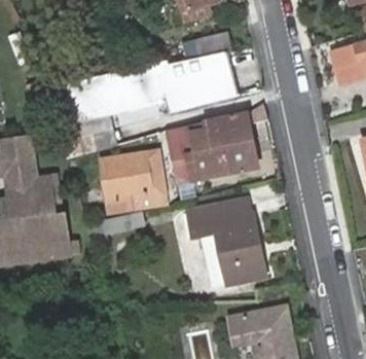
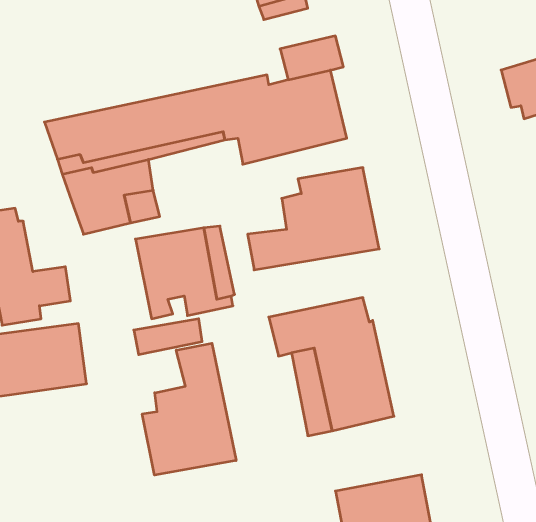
building: [169,121,207,156] -> none
building: none -> [142,343,236,475]

